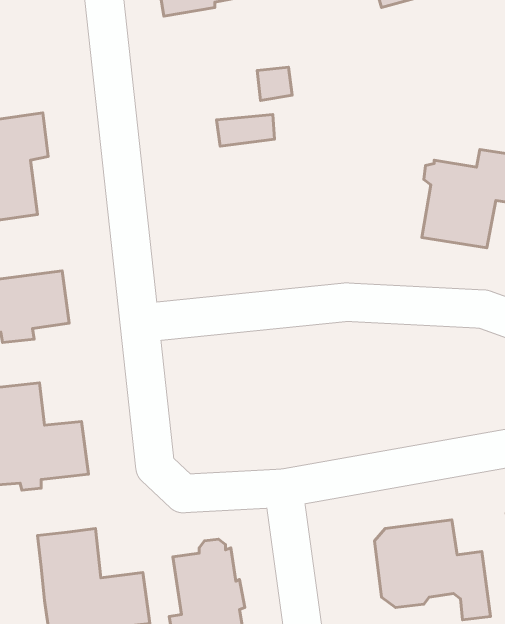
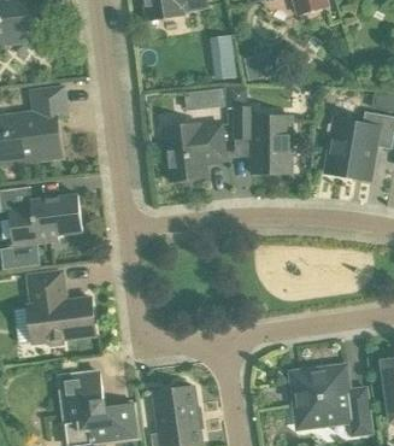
building: none -> [235,108,292,174]
building: none -> [164,124,227,181]

